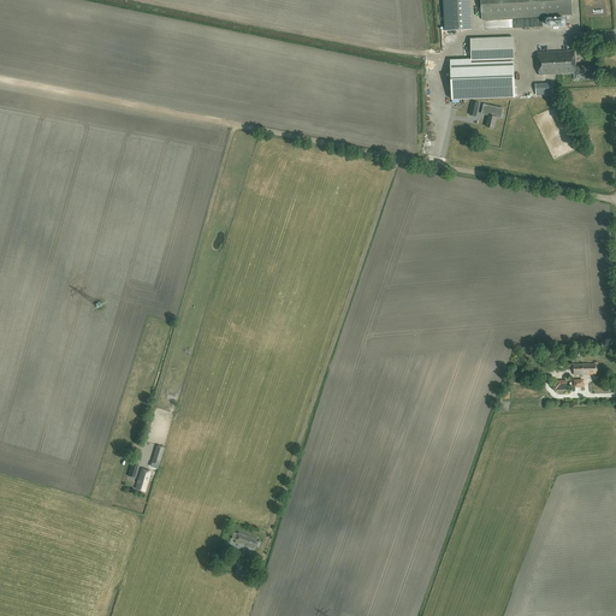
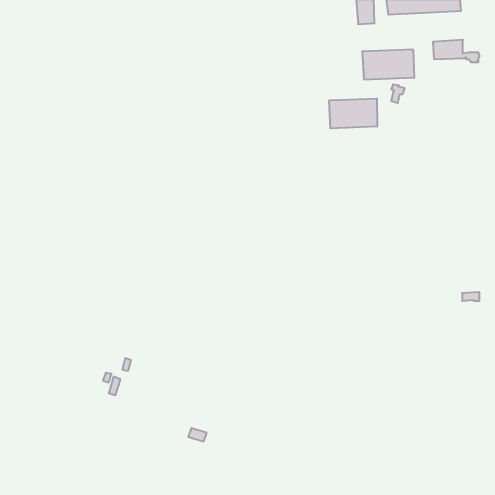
building: [469,37,513,60] -> none
building: none -> [329,98,377,128]

